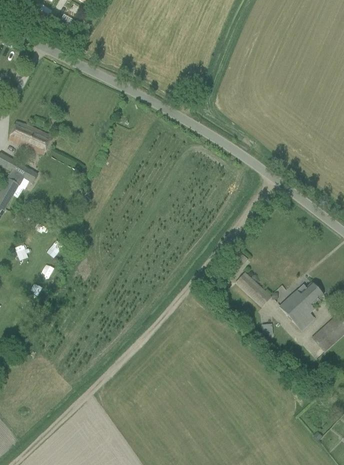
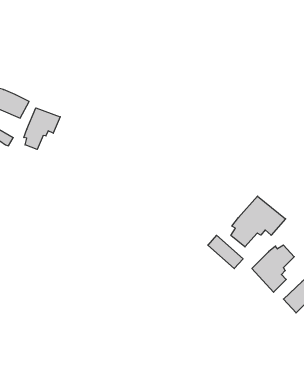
building: none -> [24,108,60,149]
building: none -> [231,196,286,247]

